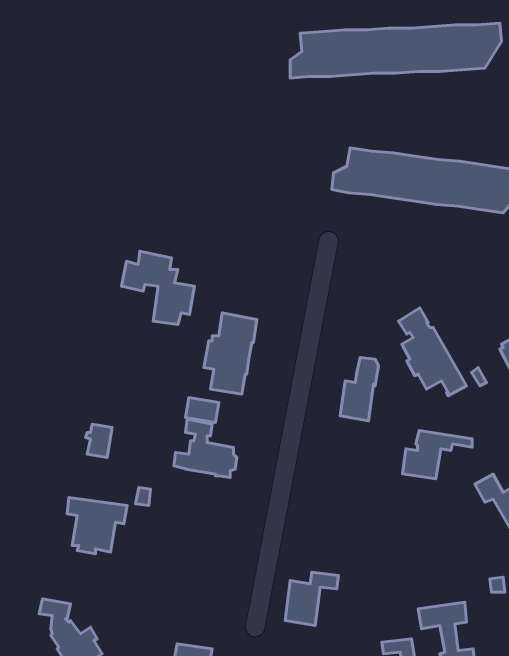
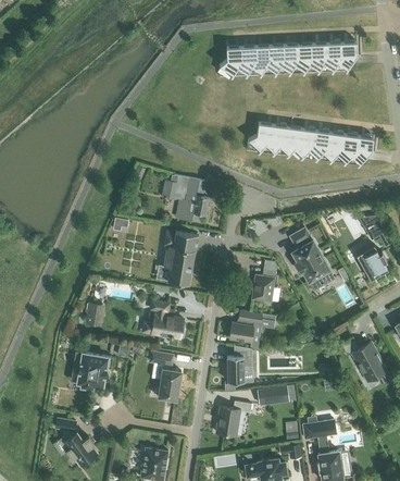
building: [121,251,195,324] -> [162,174,210,222]
building: [402,430,472,479] -> [229,310,275,342]
building: none -> [227,345,252,382]
building: none -> [150,350,182,400]
building: none -> [258,384,296,405]

